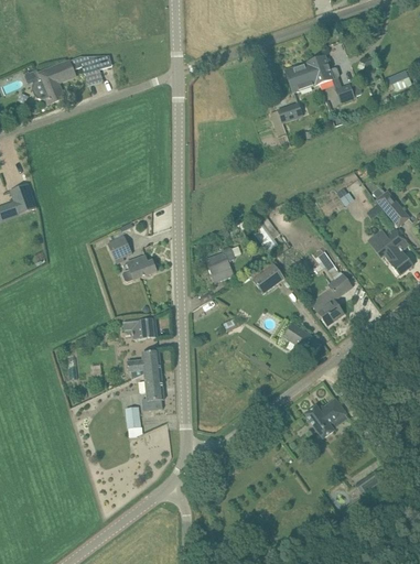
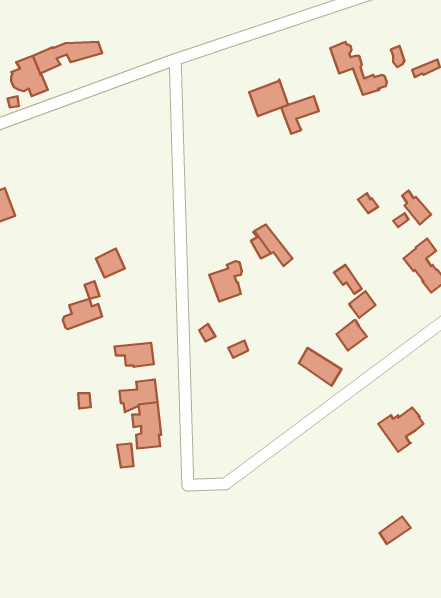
building: [284,61,319,93] -> [249,80,288,116]
building: [121,256,155,282] -> [63,299,102,329]
building: [250,259,284,293] -> none
building: [304,399,344,437] -> [378,408,424,452]

